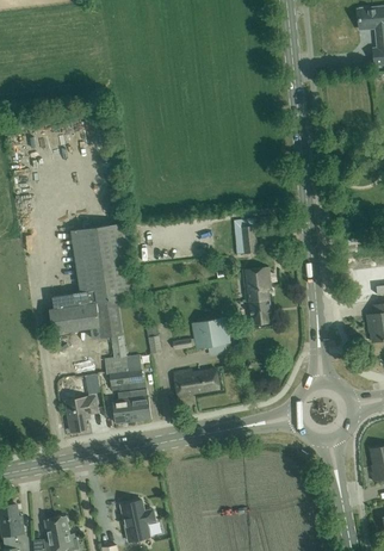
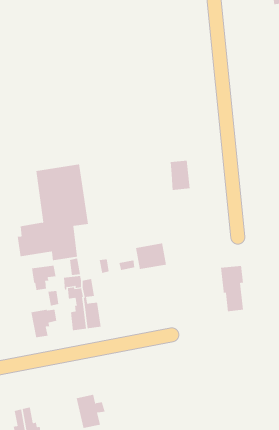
building: [243,267,272,323] -> [220,266,244,312]
building: none -> [32,265,56,291]
building: [174,369,219,398] -> none

